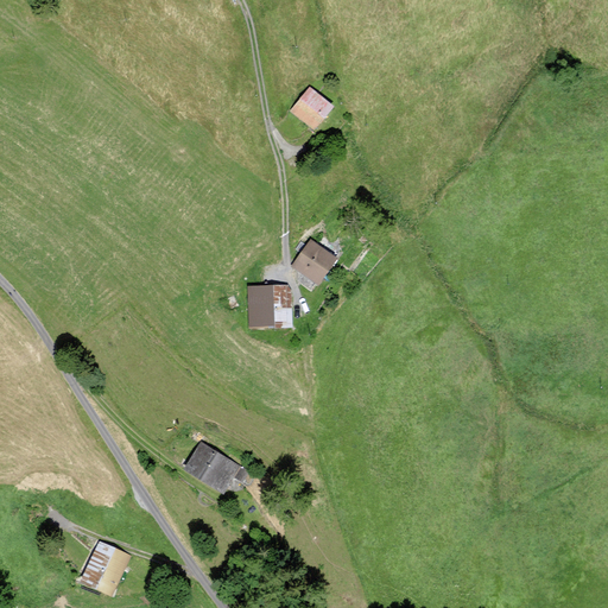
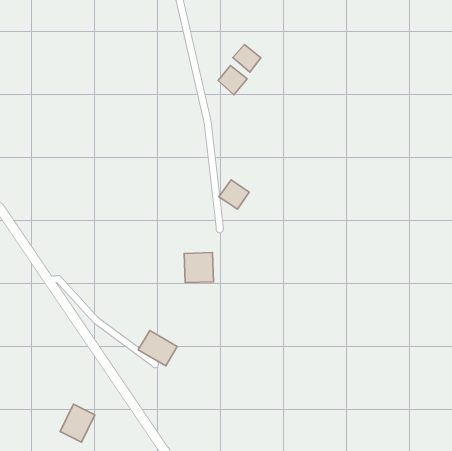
building: none -> [233,44,261,72]
building: [249,285,289,325] -> [184,252,214,283]

